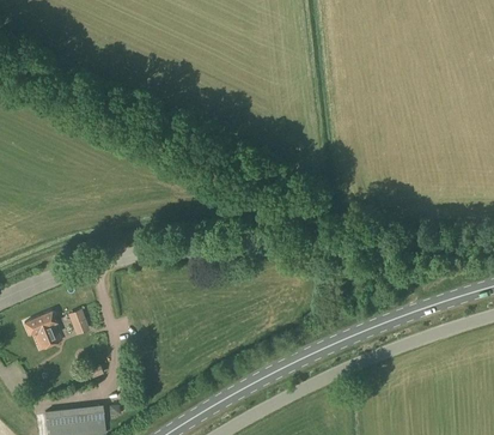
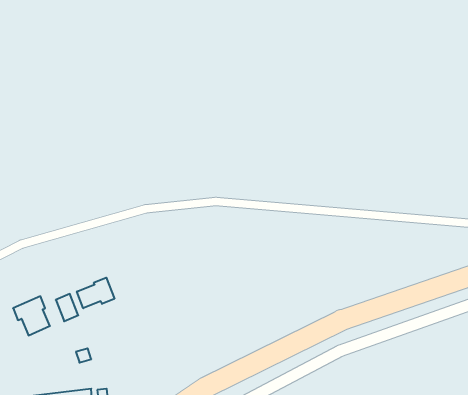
building: none -> [77,278,114,308]

